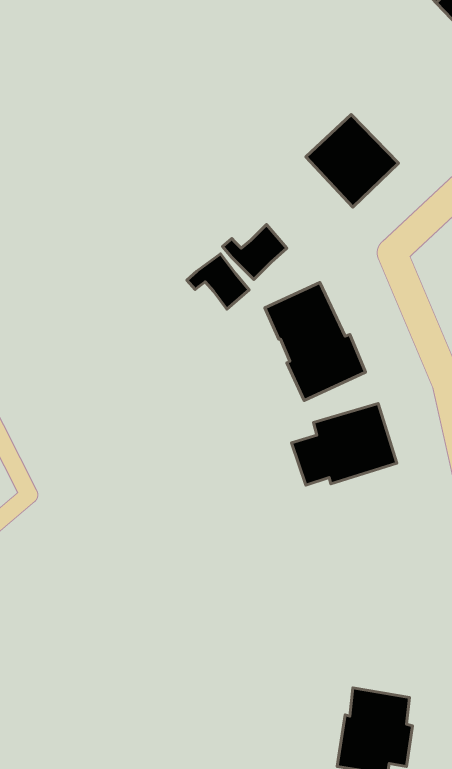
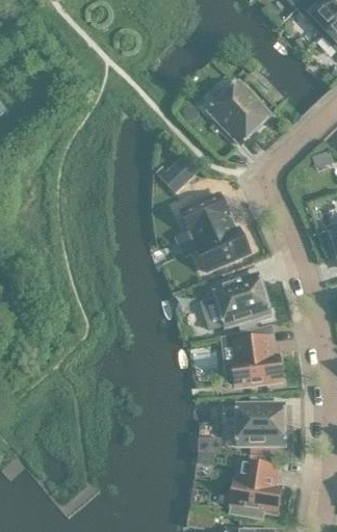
building: [187,254,249,309] -> none
building: none -> [222,324,282,387]
building: none -> [238,403,284,445]

